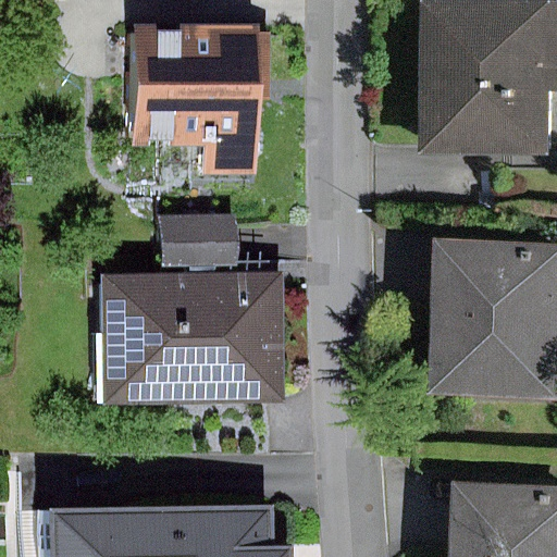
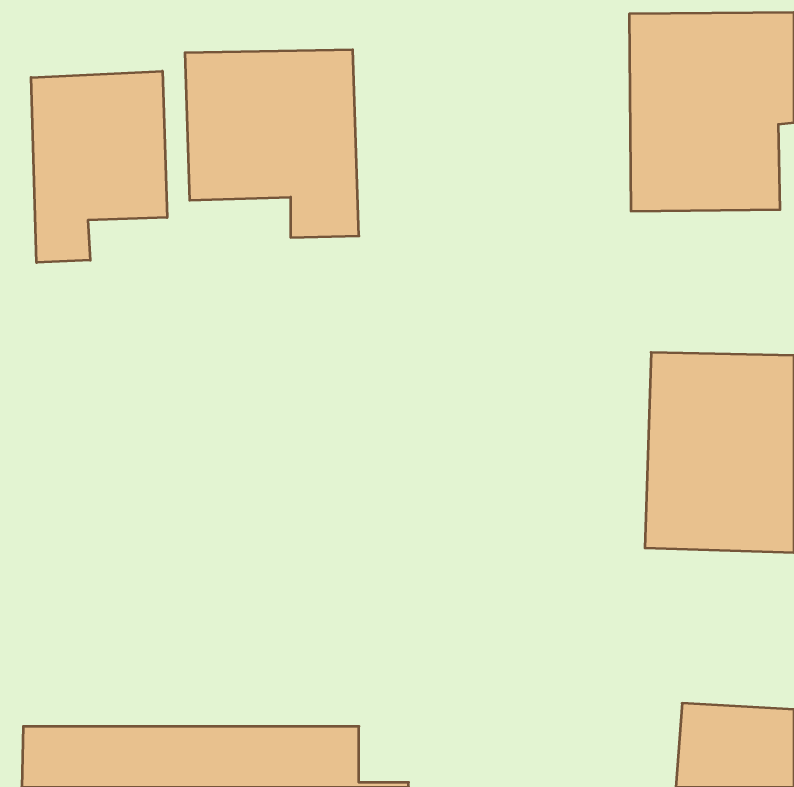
building: none -> [31,71,167,263]
building: [102,226,272,401] -> none

